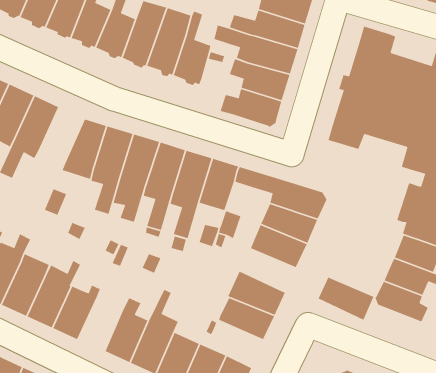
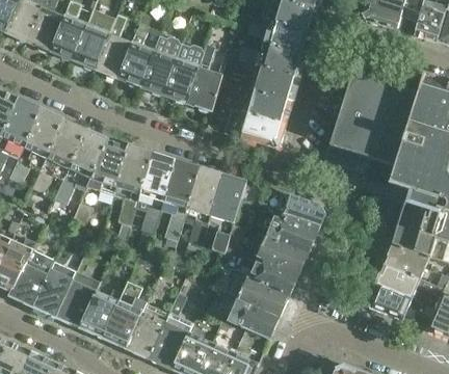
building: none -> [54,130,109,205]
building: none -> [103,280,148,349]
building: [317,277,374,321] -> [247,257,298,296]

